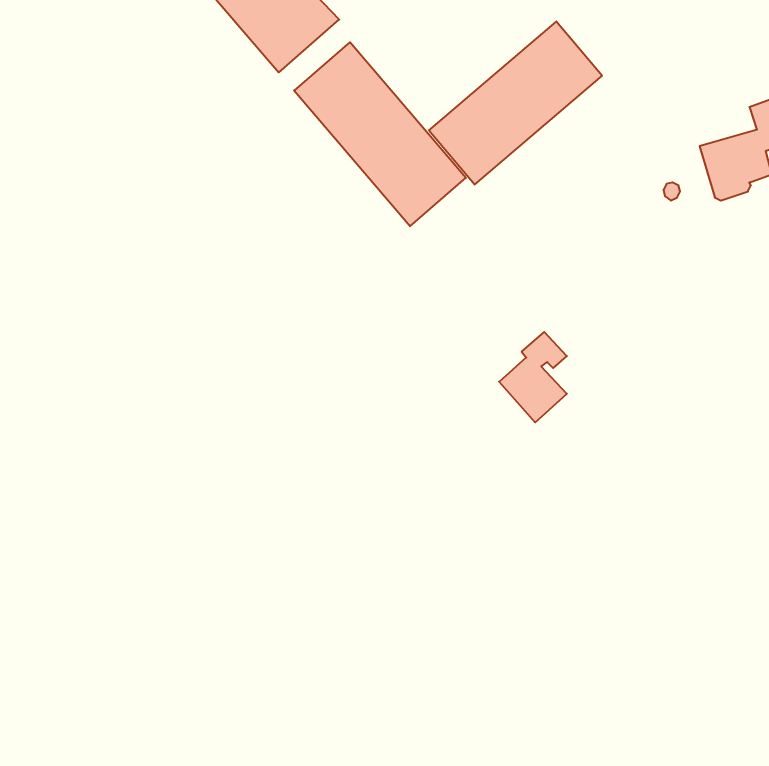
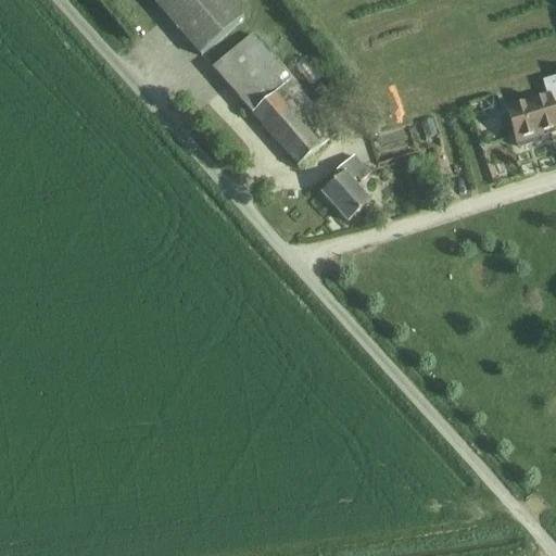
building: [429,21,602,185] -> none
building: [499,332,567,422] -> [323,151,371,216]

